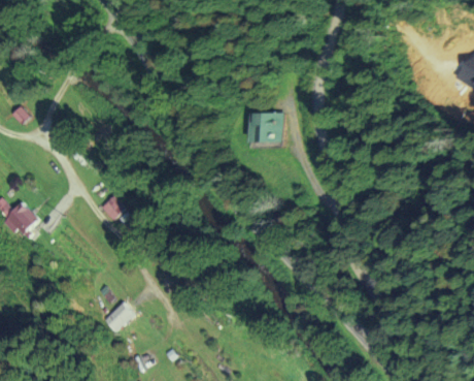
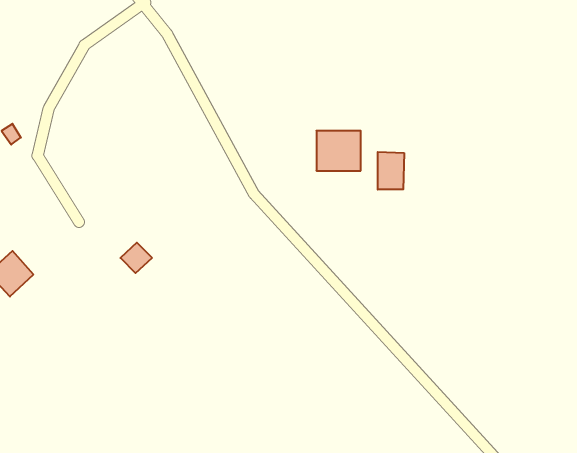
building: none -> [378,152,404,190]
building: [103,303,134,332] -> none

